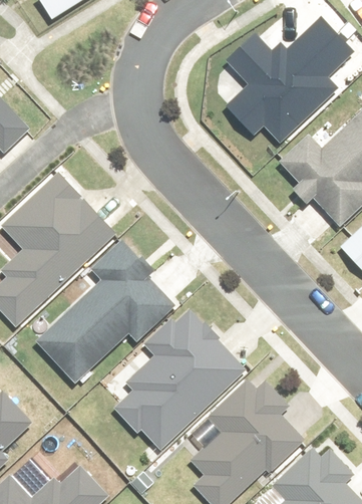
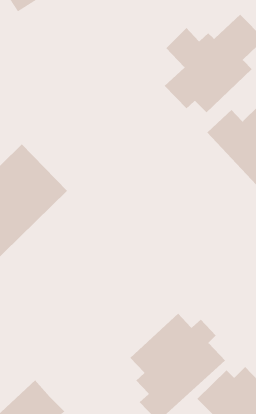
building: [40,241,173,384] -> none
building: [118,310,245,451] -> none

